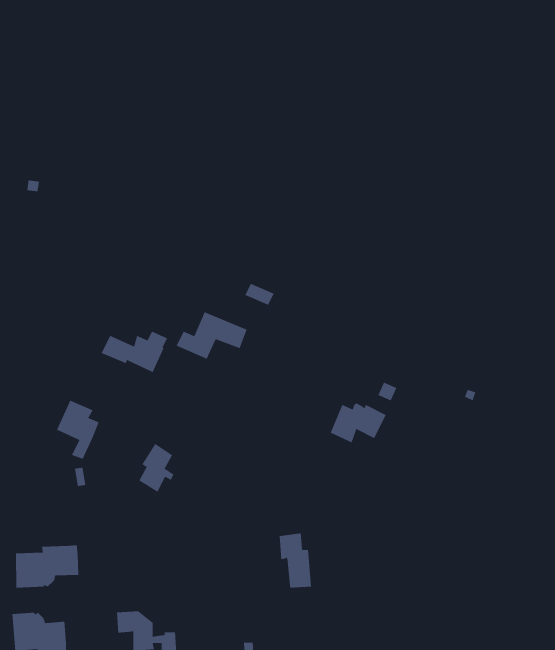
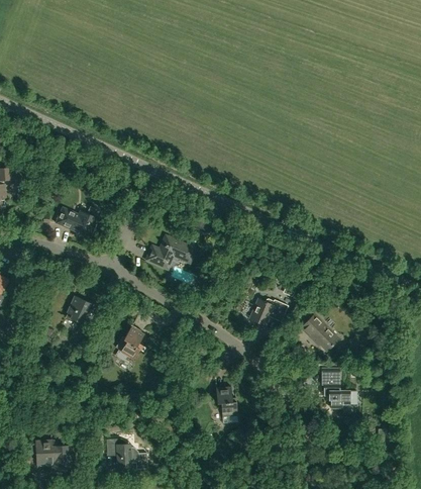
building: [101,331,168,373] -> [56,207,101,235]
building: none -> [299,302,339,351]
building: none -> [322,369,356,408]
building: [16,544,79,588] -> none

